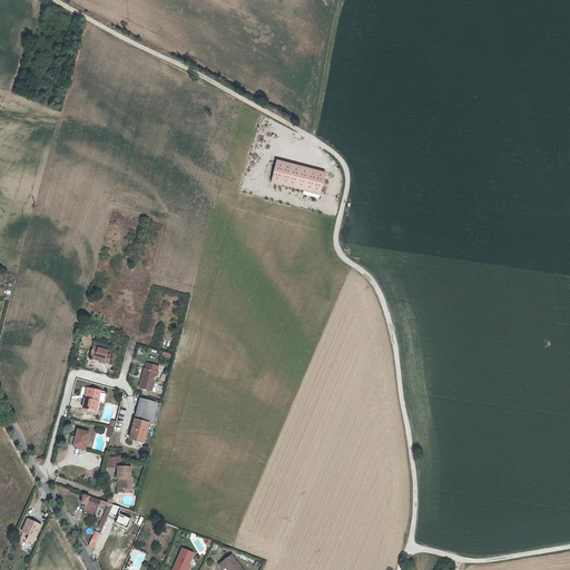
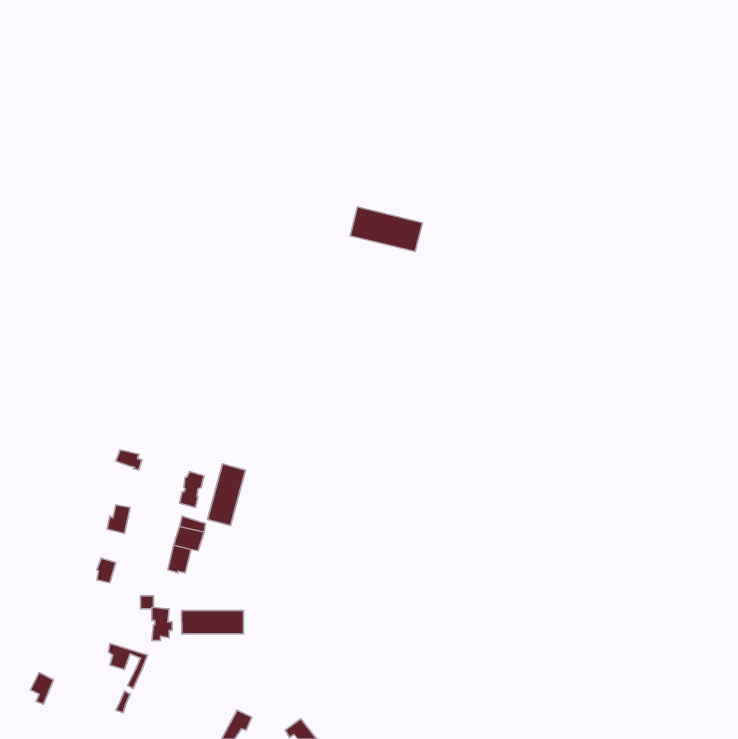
building: none -> [207,464,246,526]
building: none -> [182,610,244,634]

